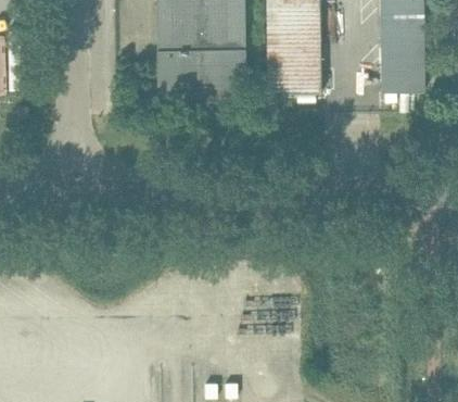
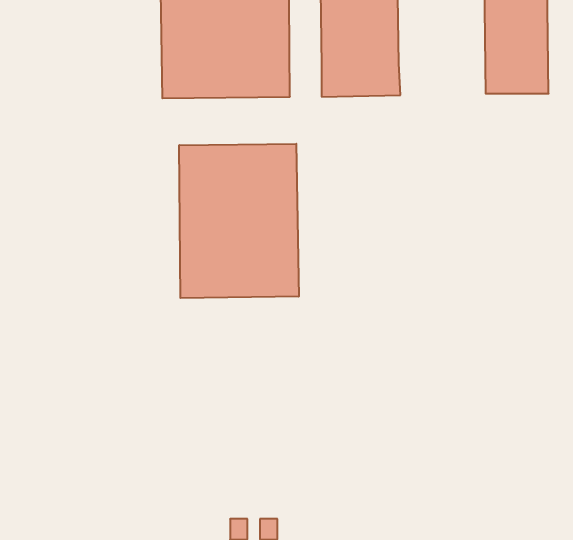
building: none -> [179,144,299,298]

